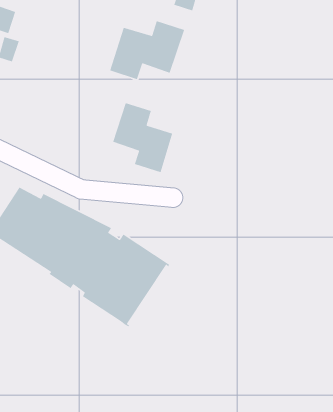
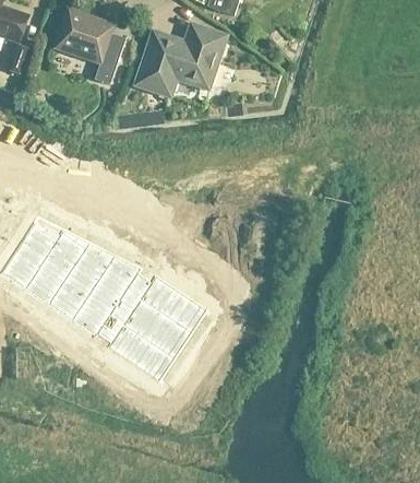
building: none -> [55,10,125,84]
building: [112,102,173,173] -> none

